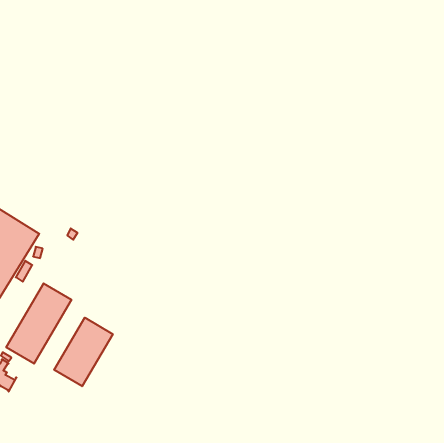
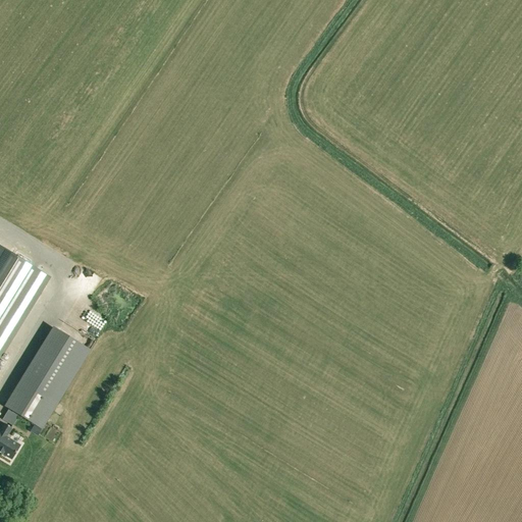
building: [54,318,113,386] -> none

